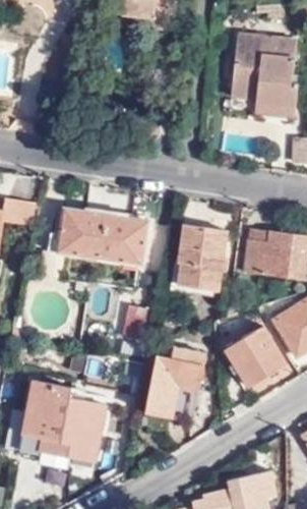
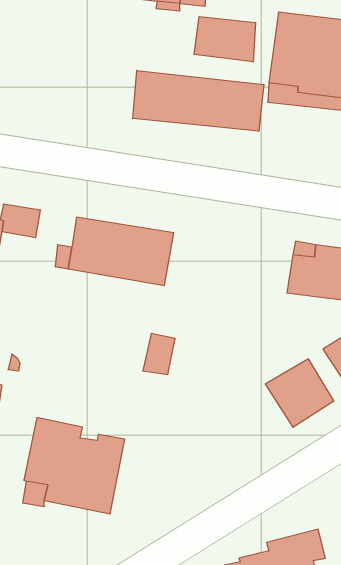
building: none -> [194,17,256,62]
building: none -> [133,70,264,131]
building: [177,224,227,290] -> none
building: [145,350,204,415] -> none

